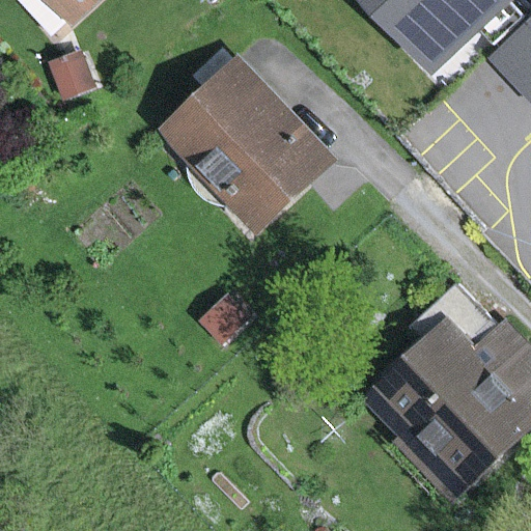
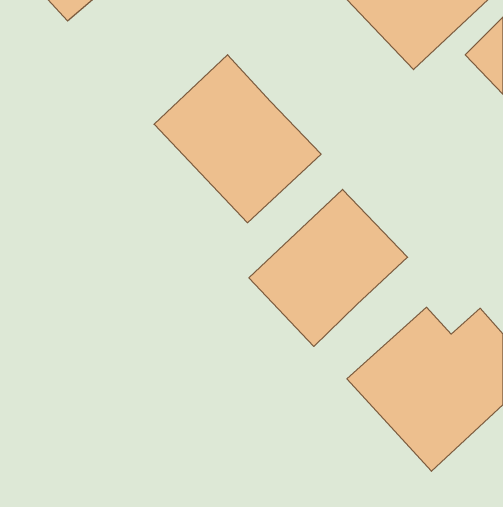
building: none -> [249,189,408,346]

